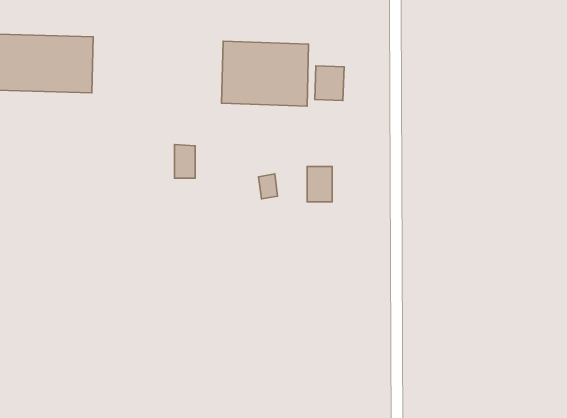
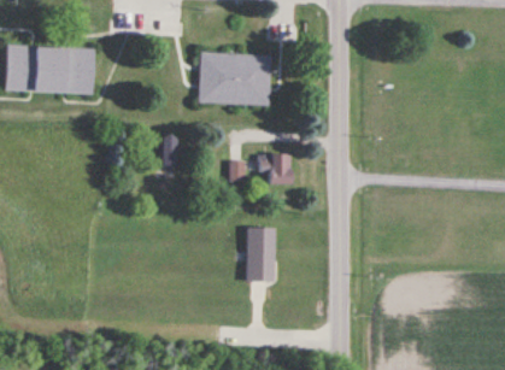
building: [315,66,344,101] -> none
building: none -> [247,227,276,281]

